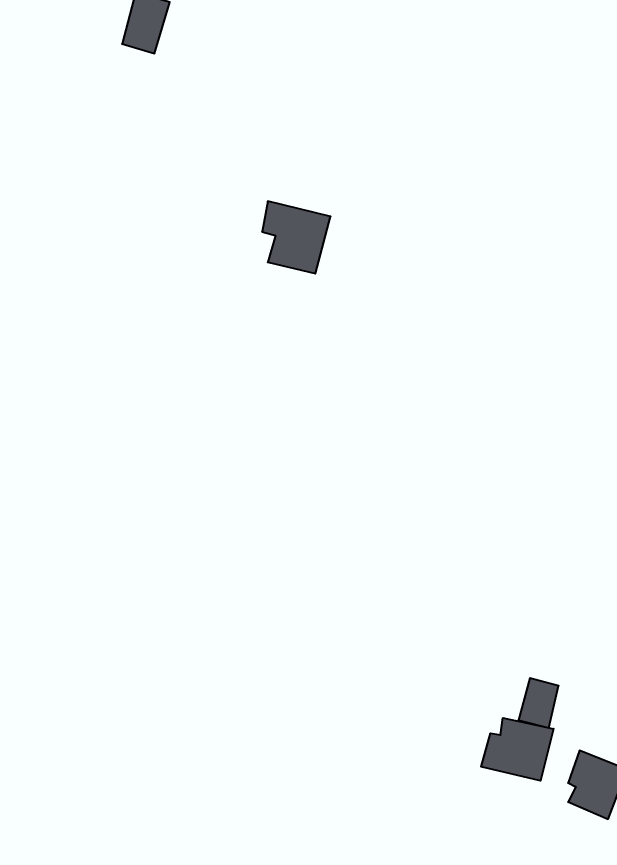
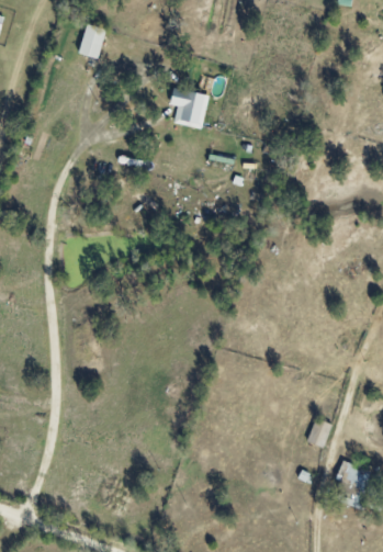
building: [262,201,331,274] -> [170,88,210,129]
building: [481,718,554,781] -> none

